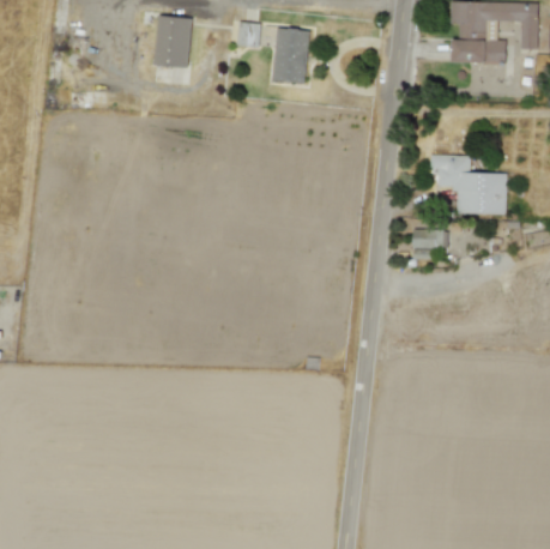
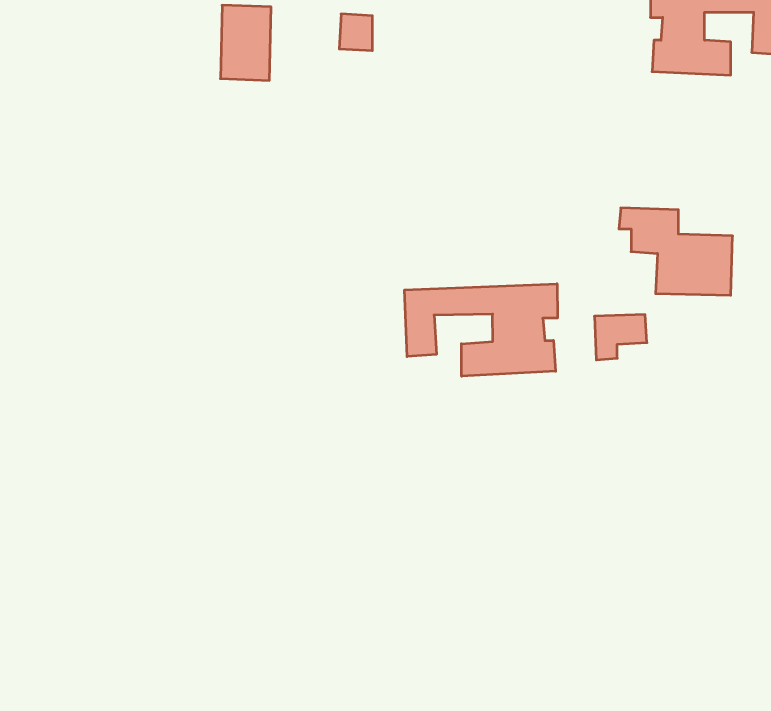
building: [272,26,310,84] -> none
building: none -> [405,284,557,376]

